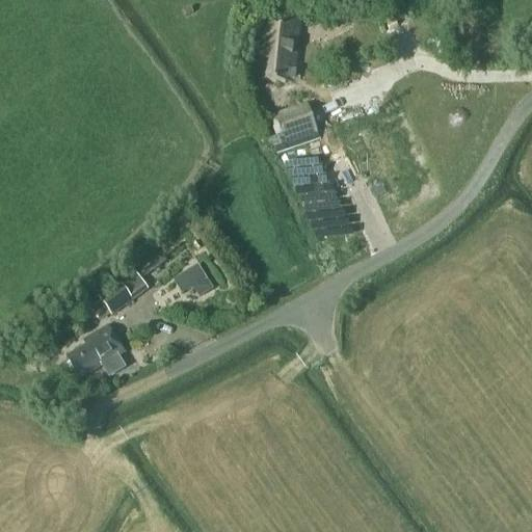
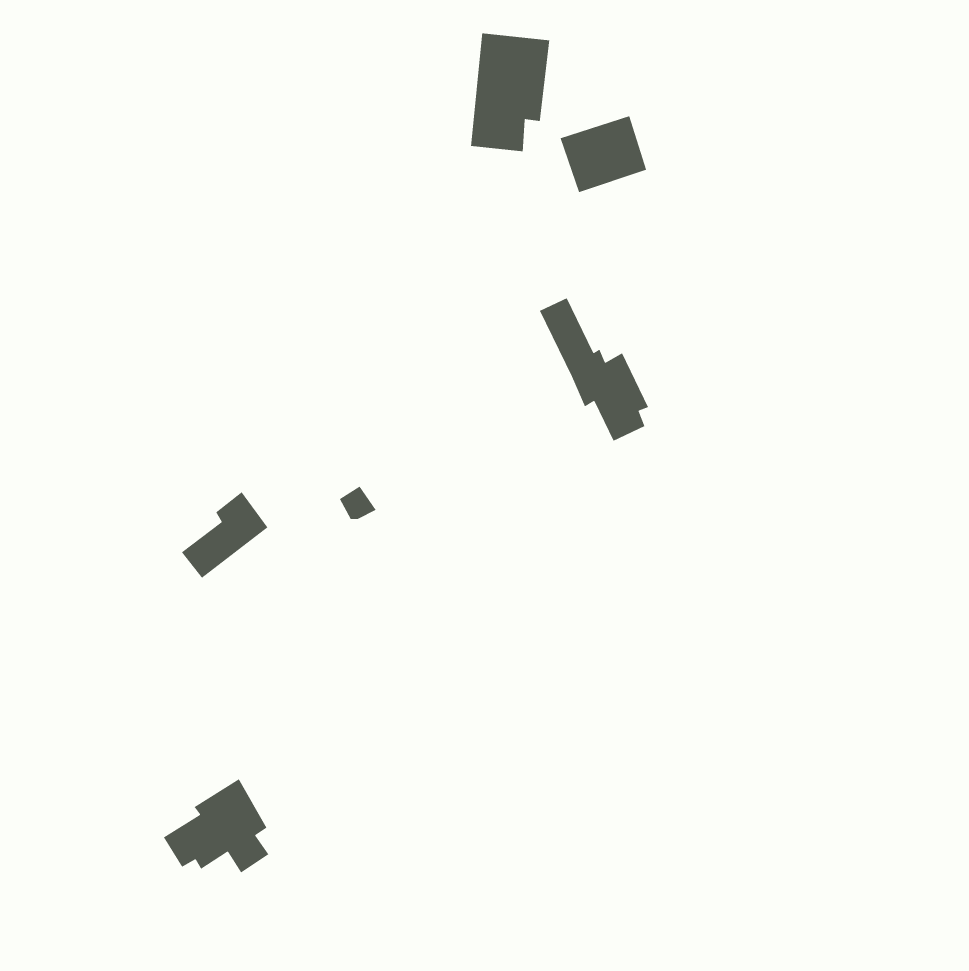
building: [271,103,319,145] -> [559,115,647,193]
building: [69,325,127,377] -> [163,778,270,873]

